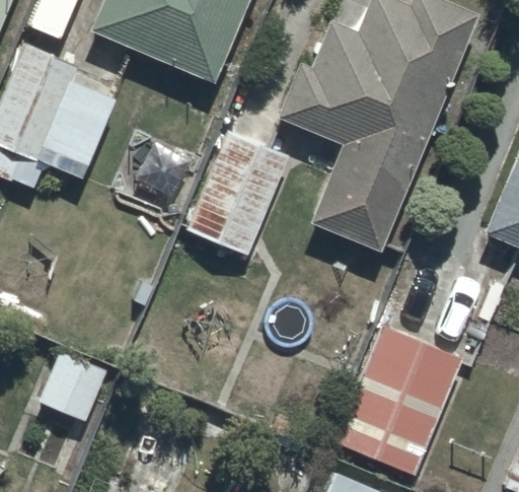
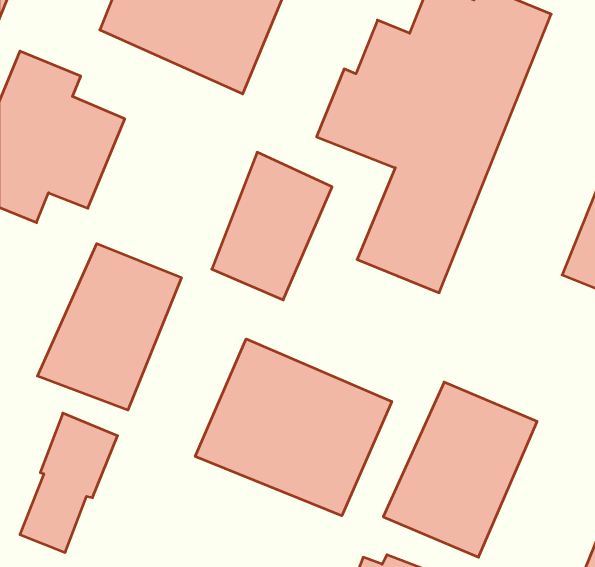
building: none -> [37,244,181,410]
building: none -> [195,339,392,516]

